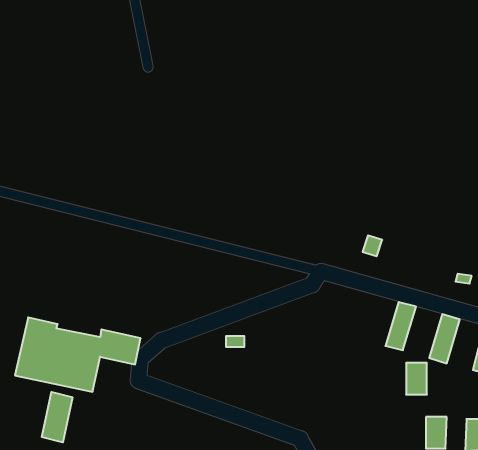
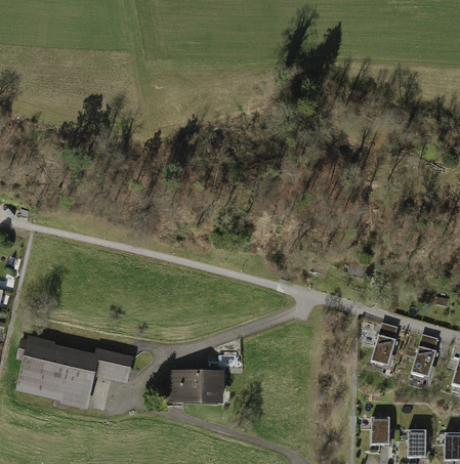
building: none -> [166,370,222,404]
building: [406,363,427,395] -> [369,417,388,447]
building: [42,392,72,442] -> none

